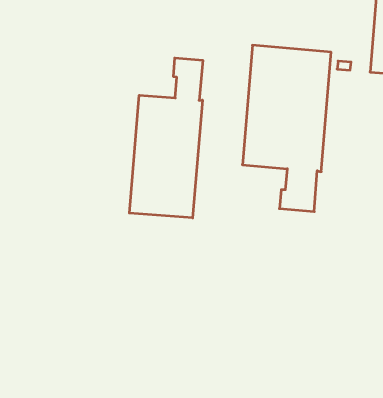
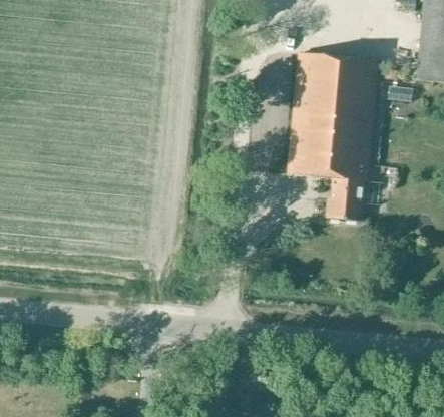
building: [129,58,203,218] -> none

